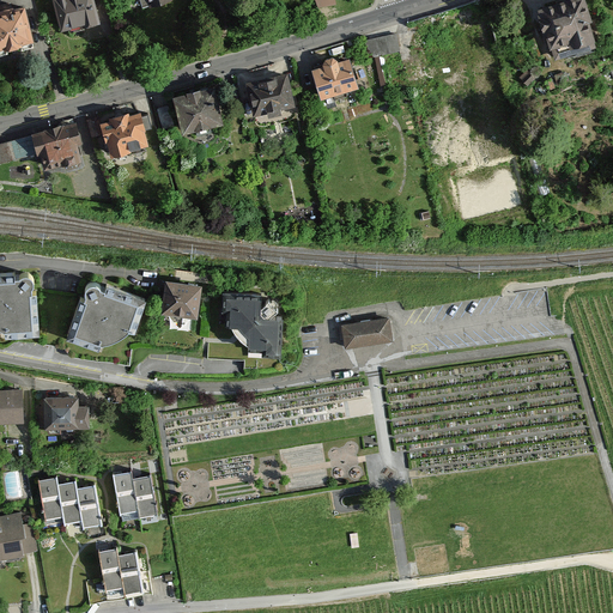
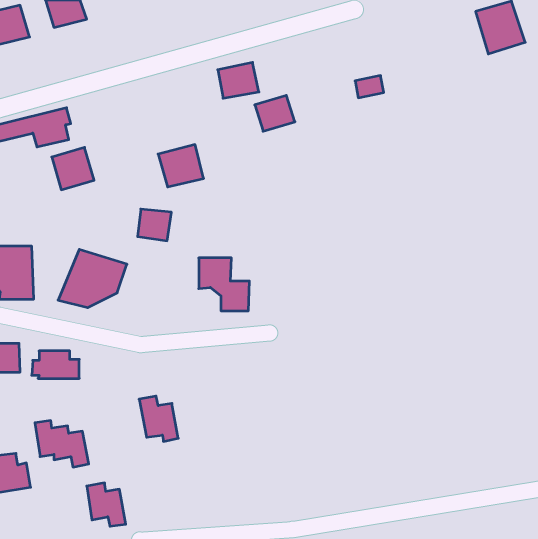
building: [368,31,400,56] -> [355,76,384,98]
building: [310,56,356,97] -> [255,95,295,131]
building: [170,84,221,132] -> [158,145,204,187]
building: [99,107,147,154] -> [52,147,94,190]
building: [163,283,201,318] -> [138,209,171,241]
building: [341,320,392,351] -> none
building: [114,473,158,524] -> [139,396,178,441]

